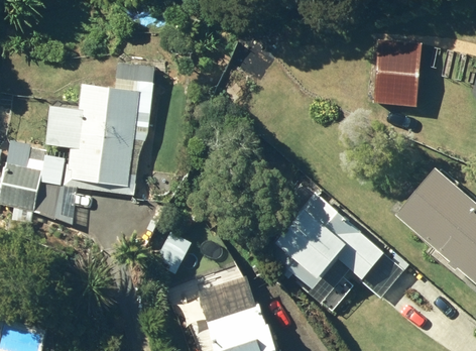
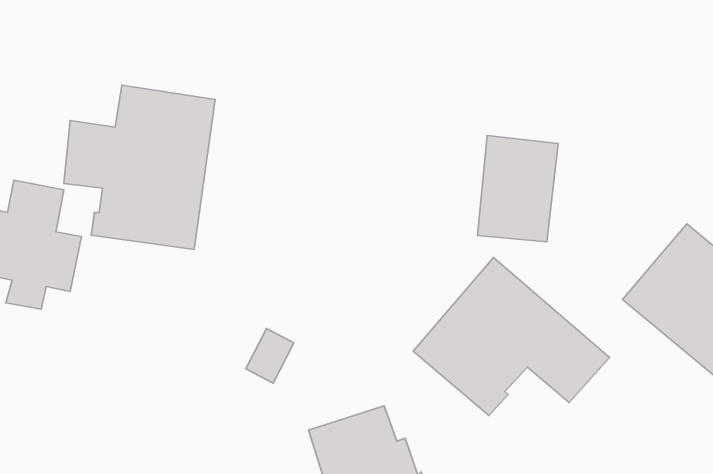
building: [374,37,425,104] -> [478,136,558,242]

